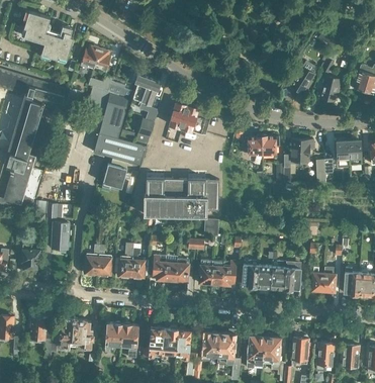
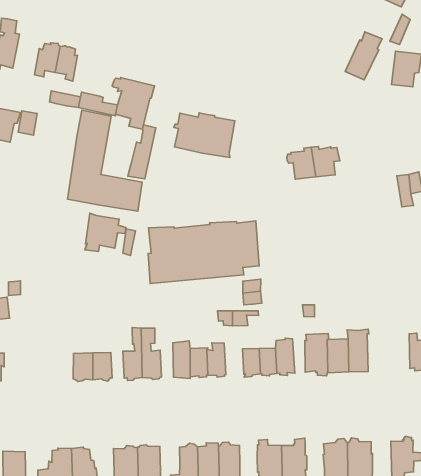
building: [283,138,312,182] -> none
building: [52,222,68,250] -> none
building: [283,261,306,292] -> none

